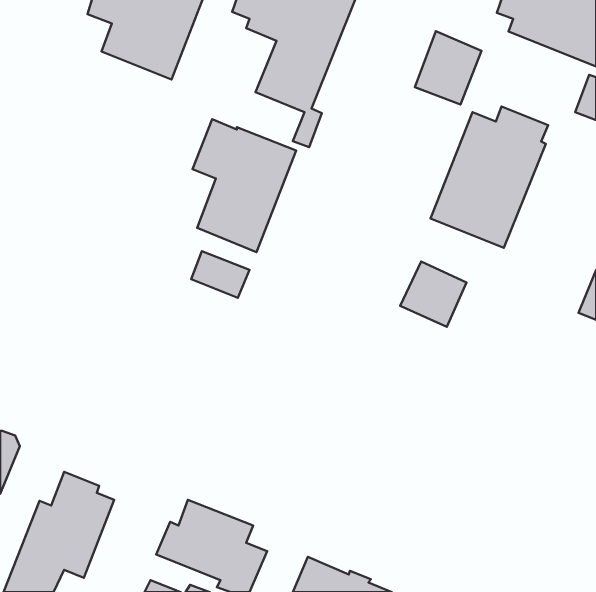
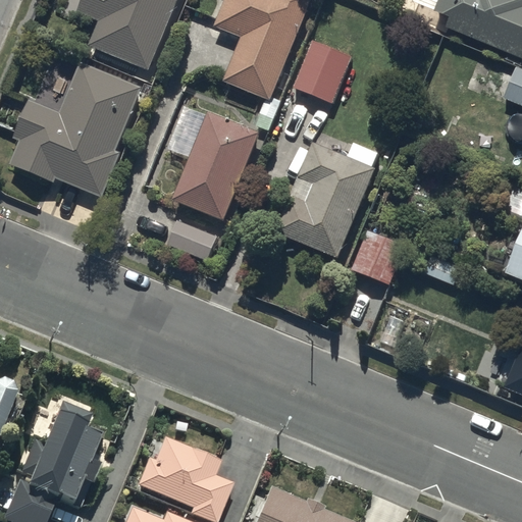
building: [415,31,481,105] -> [294,38,352,102]
building: none -> [11,60,142,197]
building: [430,106,548,248] -> [275,135,378,258]

